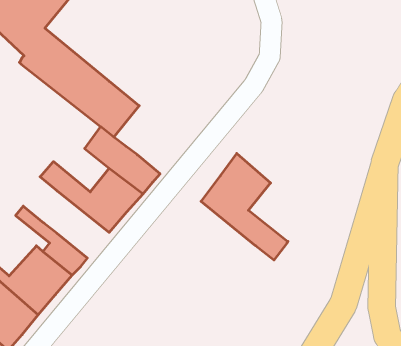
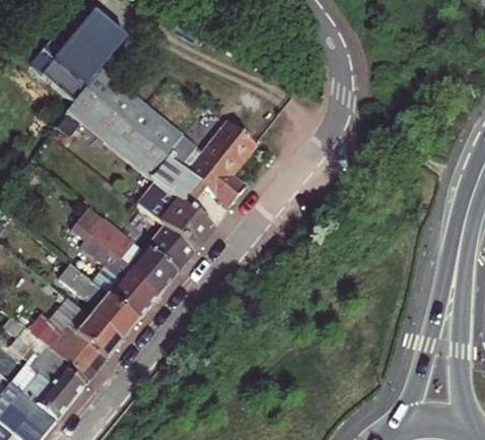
building: none -> [168,124,262,208]
building: none -> [70,205,163,319]
building: [201,153,288,260] -> none

